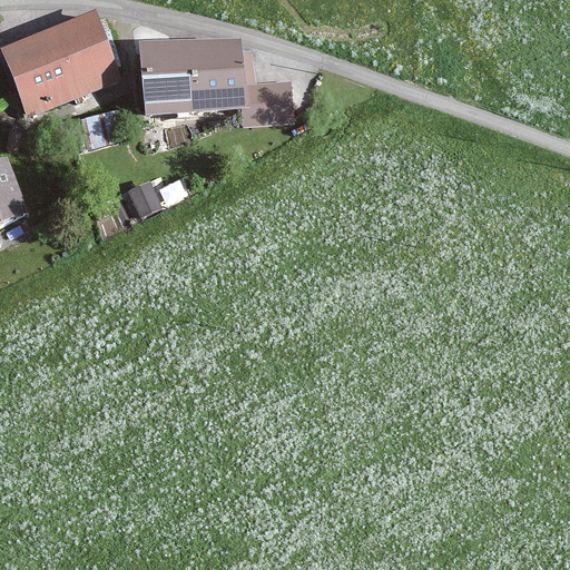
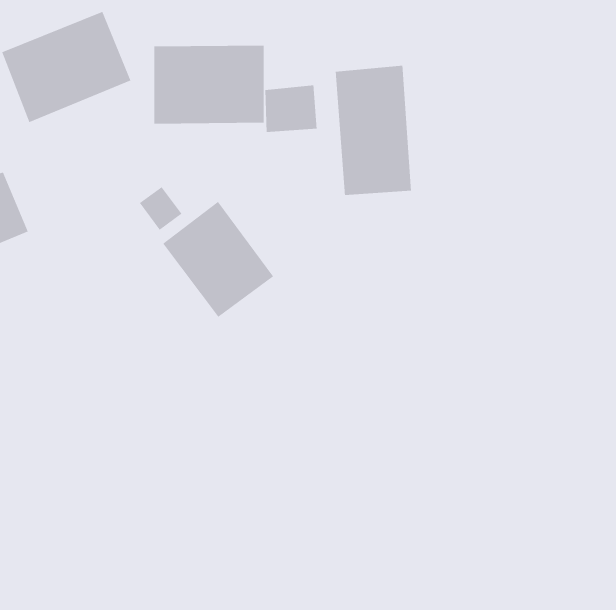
building: none -> [335,65,412,196]
building: none -> [162,201,274,318]

